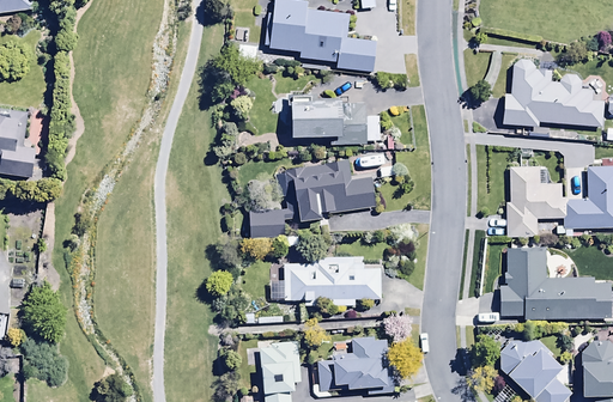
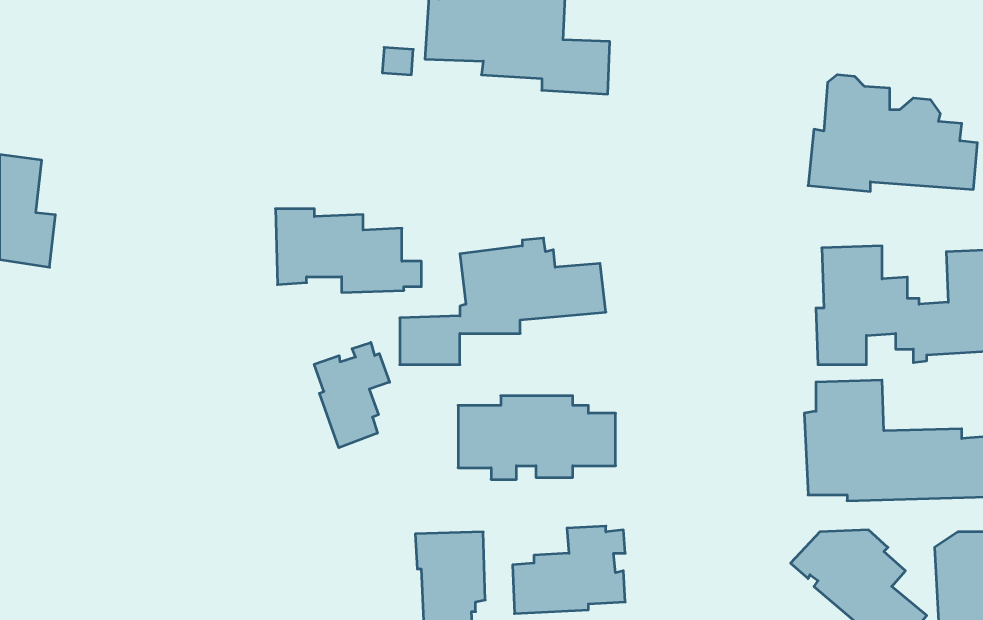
building: [290,92,380,144] -> [275,209,421,292]
building: none -> [314,342,390,448]

